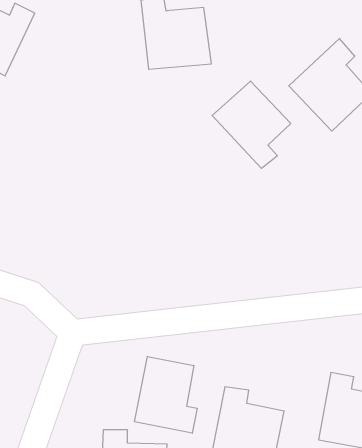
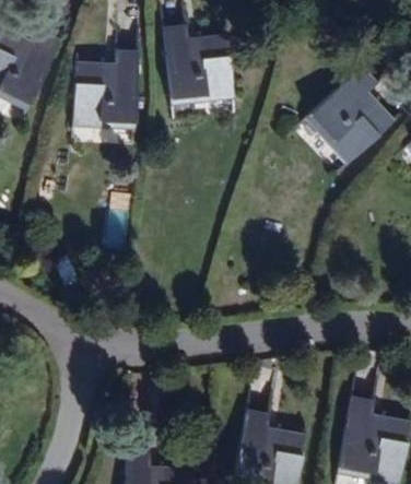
building: none -> [71,55,139,125]
building: [212,81,291,168] -> none
building: [135,356,197,433] -> none

